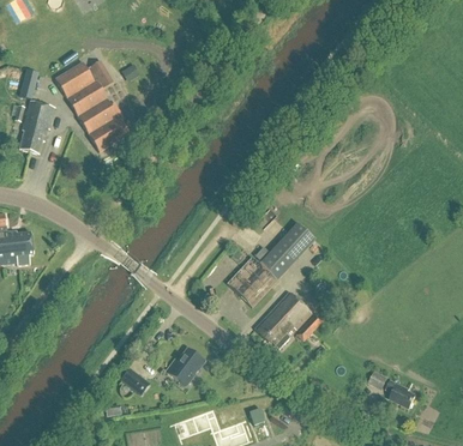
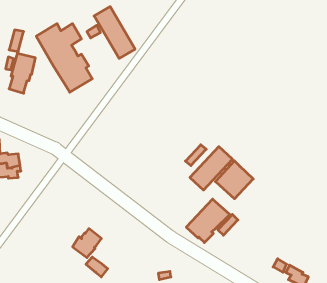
building: none -> [94,7,135,58]
building: [226,255,276,306] -> [215,161,253,199]
building: [166,346,204,385] -> [73,229,101,258]

